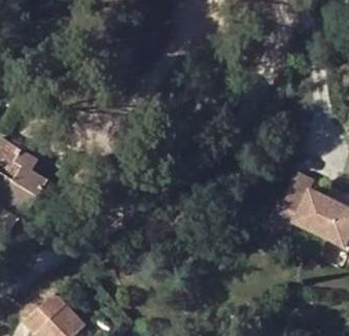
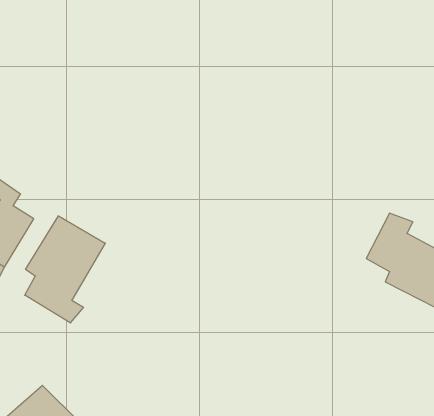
building: none -> [25,216,105,323]

